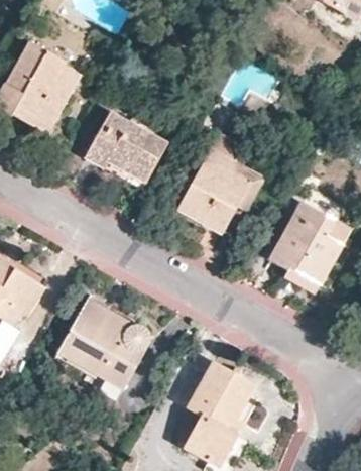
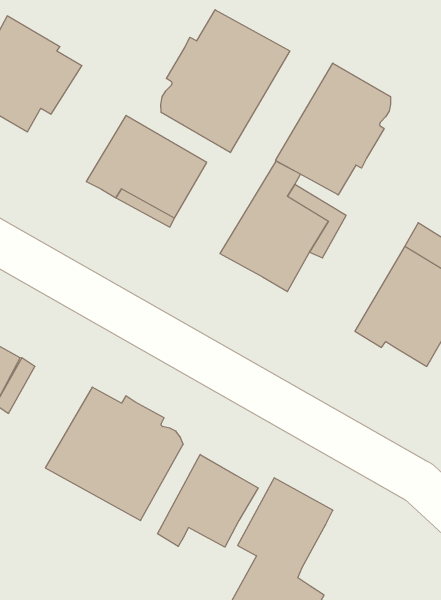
building: none -> [161,10,290,153]
building: none -> [276,63,391,195]
building: none -> [158,454,258,547]

